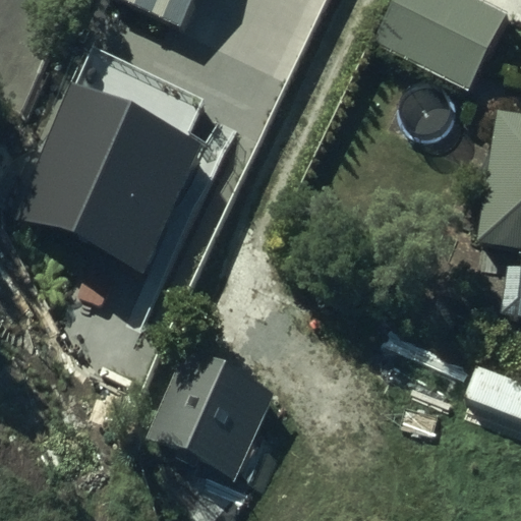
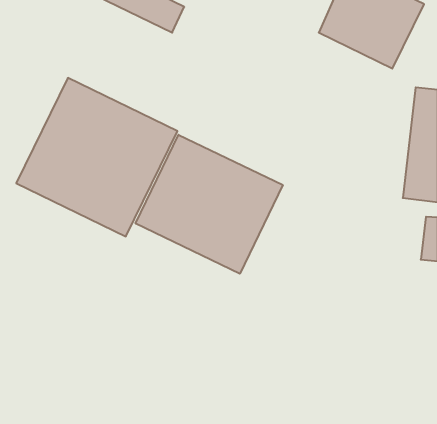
building: none -> [136,135,283,274]
building: [152,347,275,469] -> none

